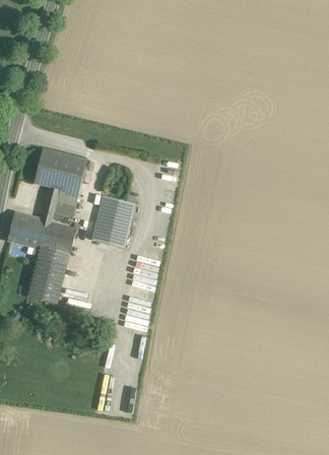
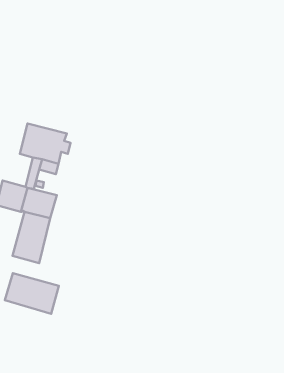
building: [91,194,136,246] -> none
building: none -> [5,273,59,314]

